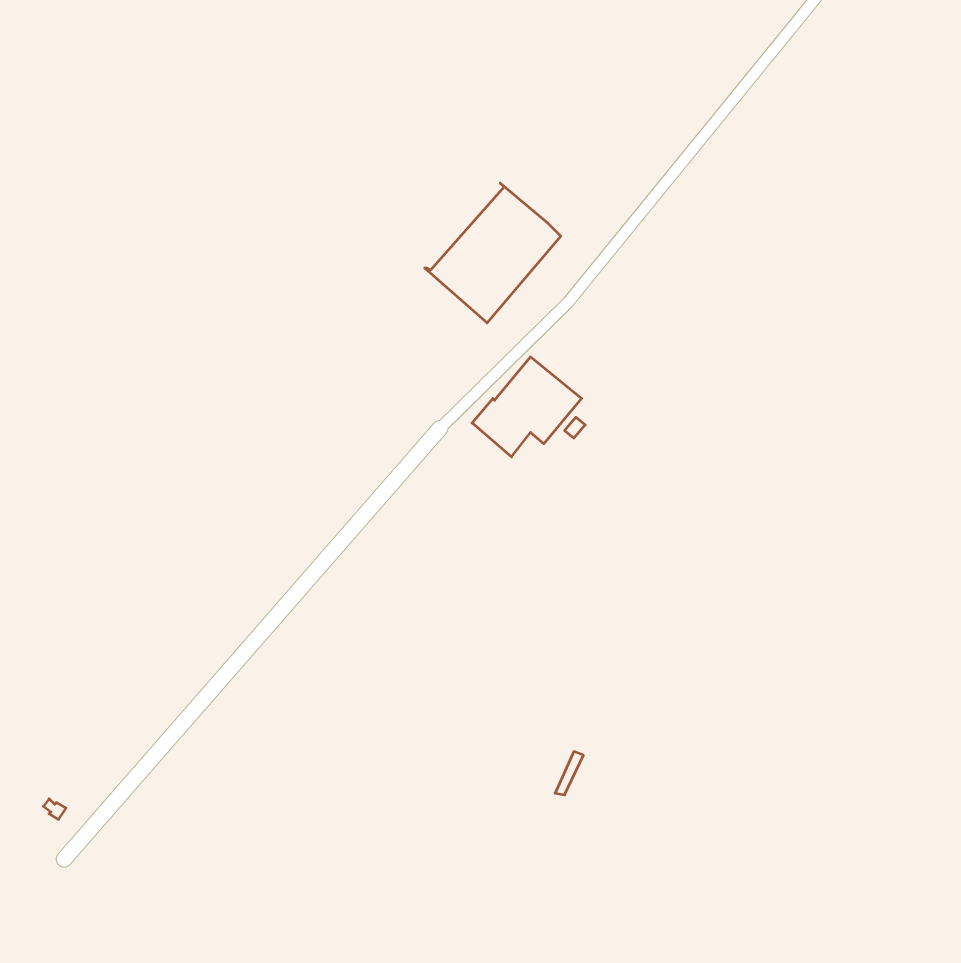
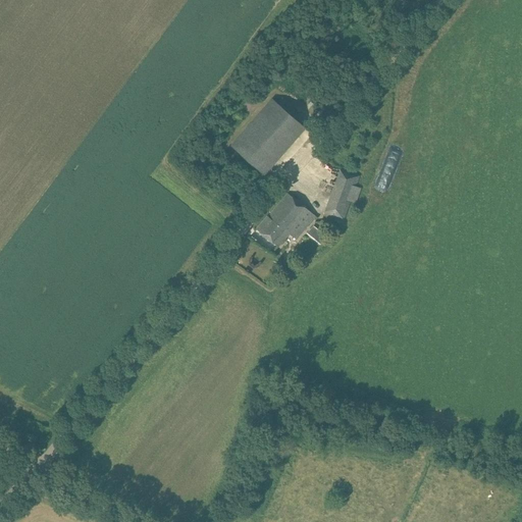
building: none -> [323,168,360,219]

